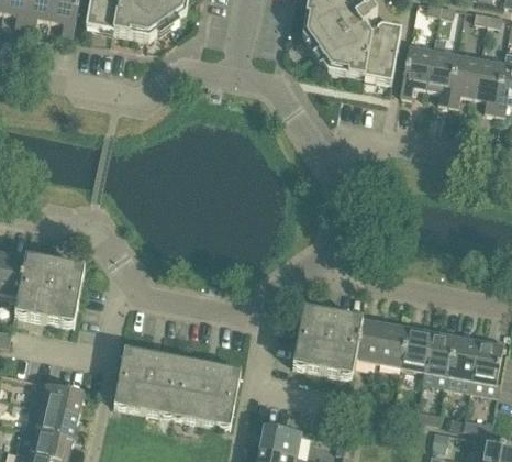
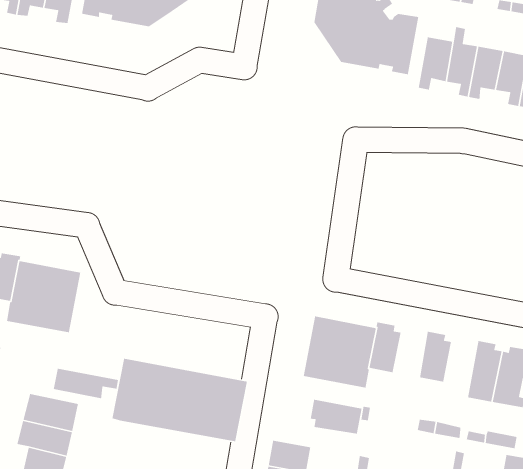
building: [377,318,409,365] -> none
building: [422,327,456,384] -> none
building: none -> [53,368,119,399]
building: none -> [310,399,362,435]

